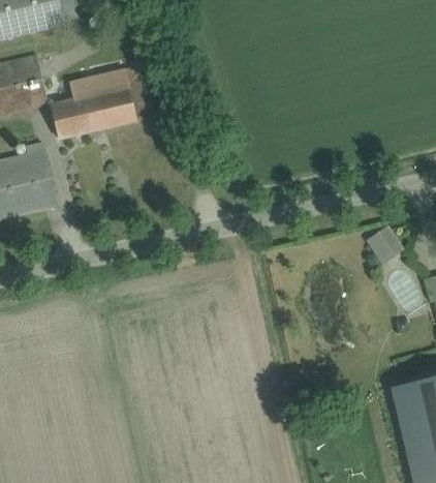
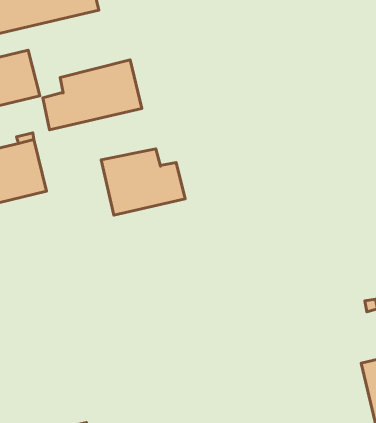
building: none -> [101,149,185,215]
building: [367,224,402,261] -> none

